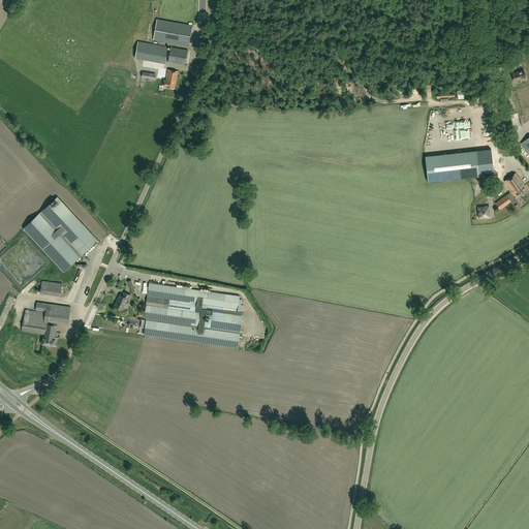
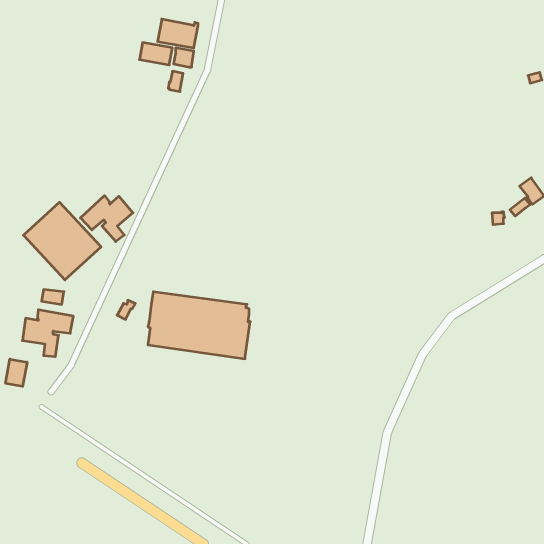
building: [425,149,494,182] -> none
building: none -> [80,196,133,242]
building: none -> [6,359,27,386]

